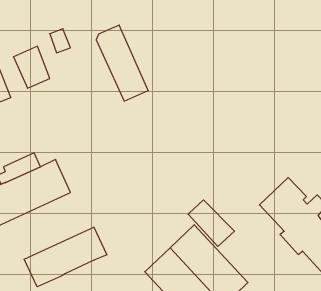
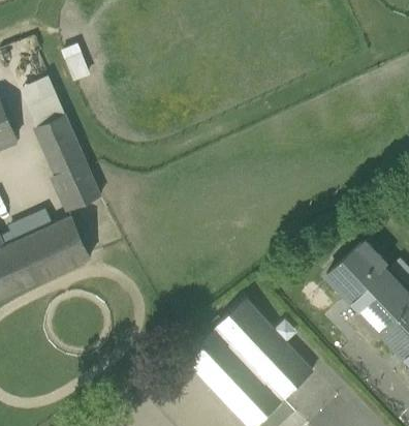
building: [96,25,148,101] -> [36,116,101,211]
building: [188,200,234,246] -> none
building: [24,227,107,287] -> none

